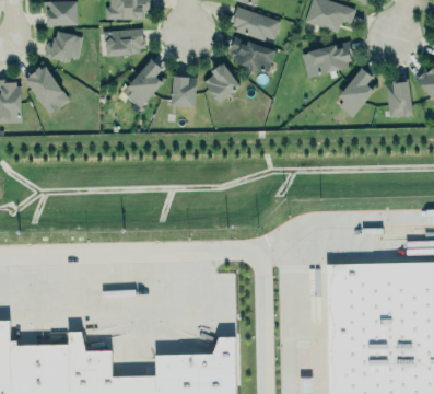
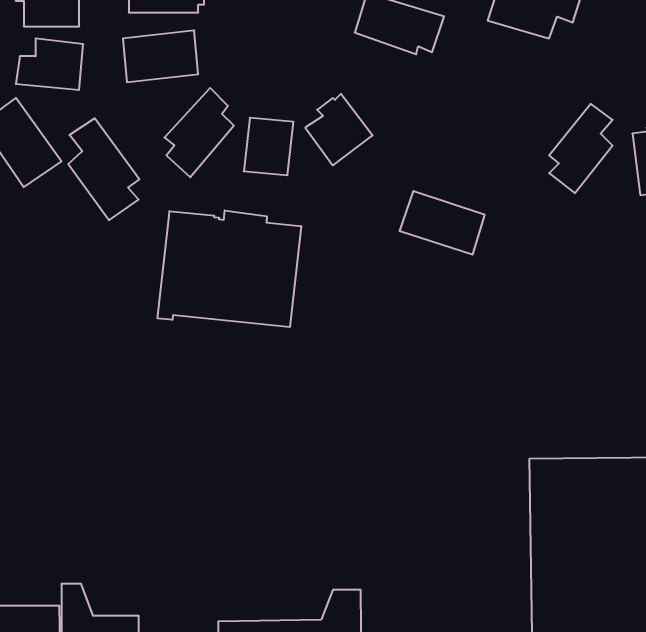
building: [227,37,274,72] -> [399,191,485,255]
building: [306,40,354,76] -> none
building: none -> [68,118,139,220]
building: none -> [158,210,301,327]

